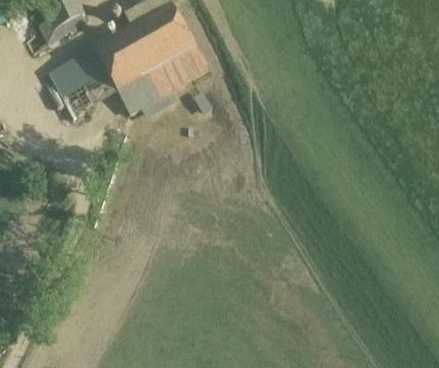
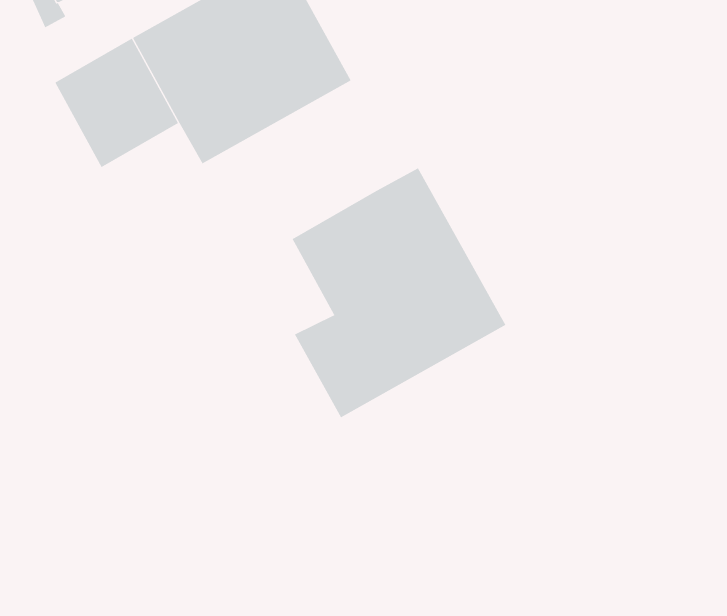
building: none -> [292,167,506,418]

